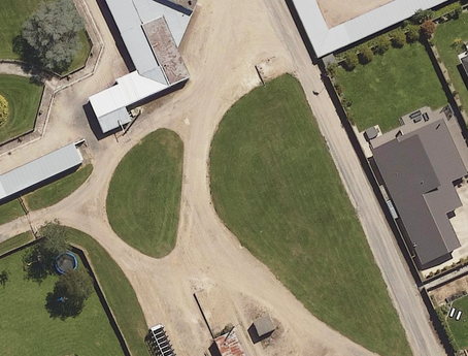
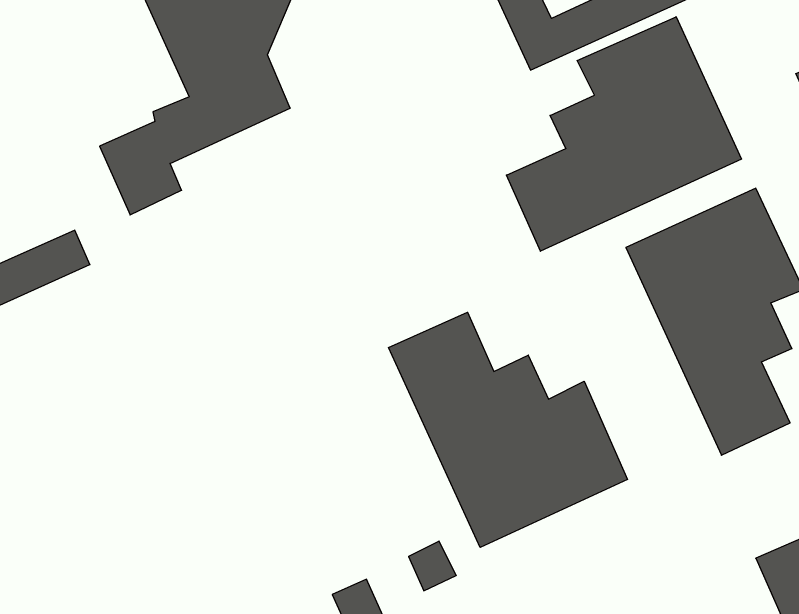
building: none -> [506,17,742,251]
building: none -> [389,312,628,547]

